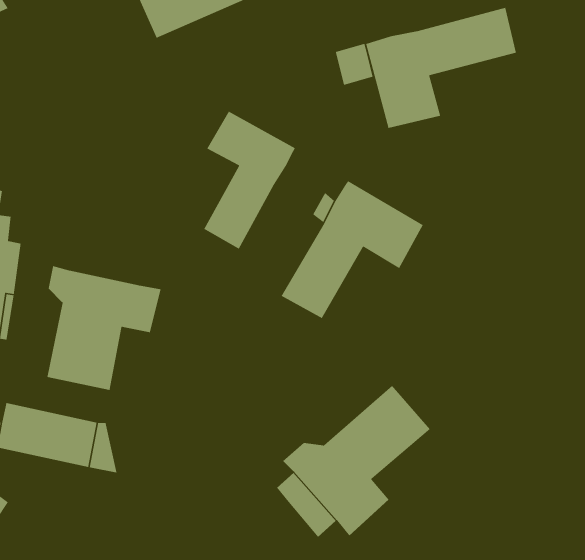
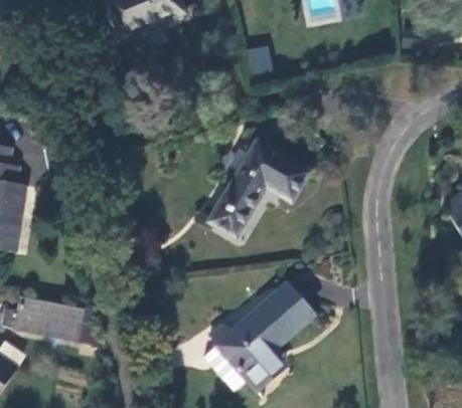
building: [365,7,517,129] -> none
building: [203,111,296,250] -> none
building: [47,265,161,391] -> none

